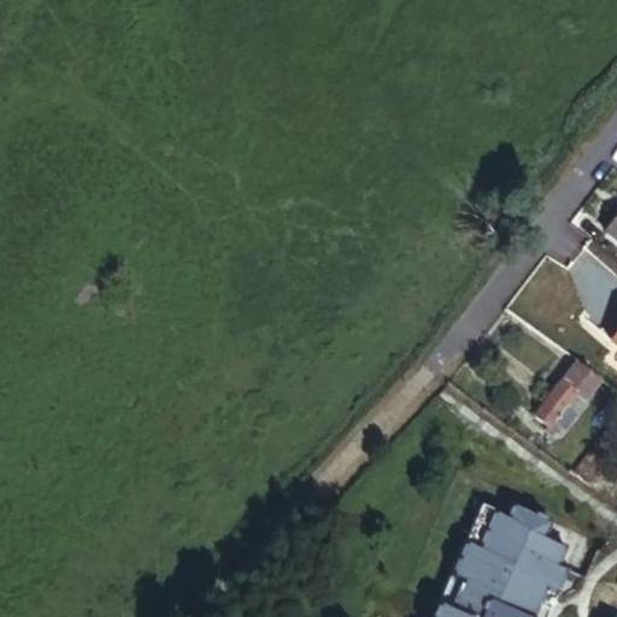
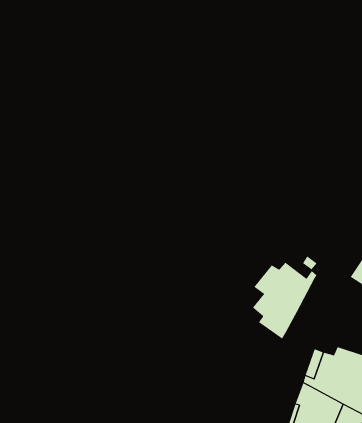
building: none -> [252,262,317,340]

